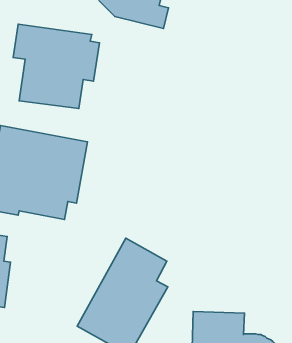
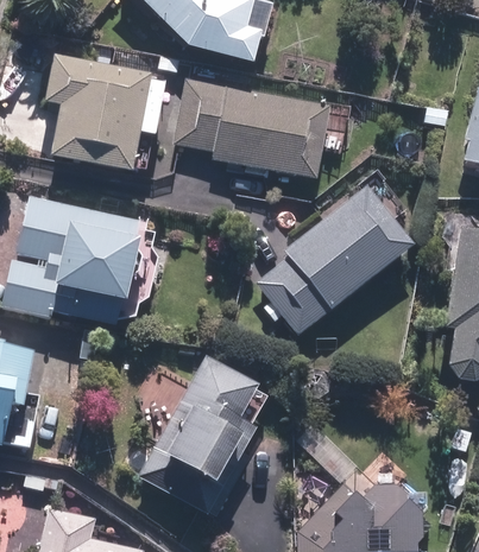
building: none -> [168,77,353,178]
building: none -> [254,183,412,336]

